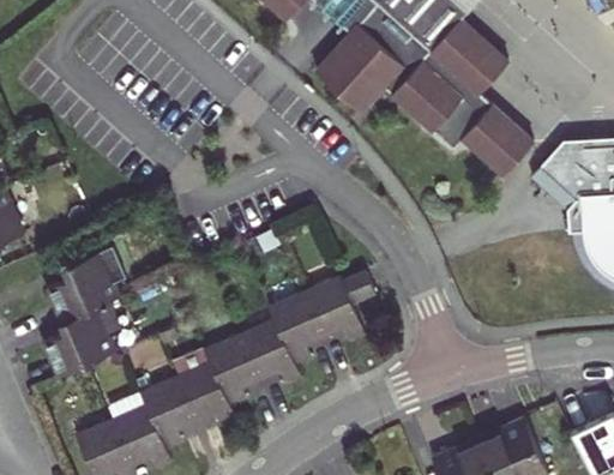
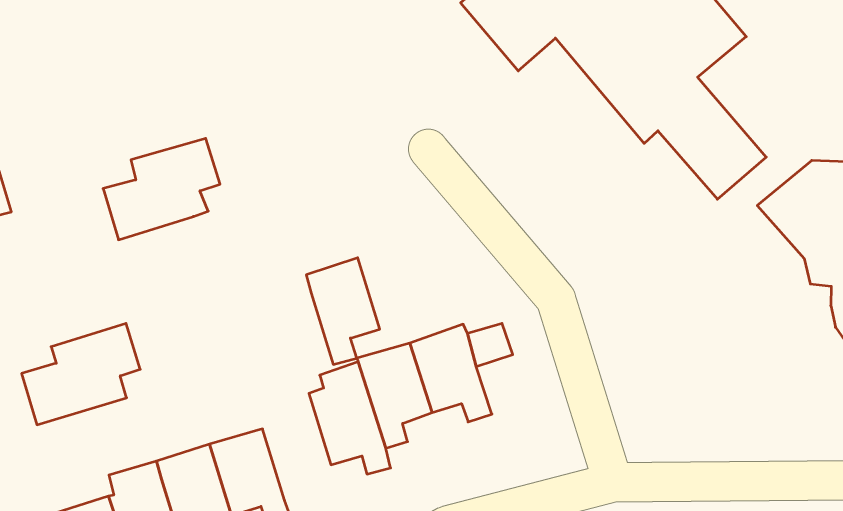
building: [47,251,126,326] -> [103,138,220,240]
building: [206,338,260,413] -> [306,258,380,364]

